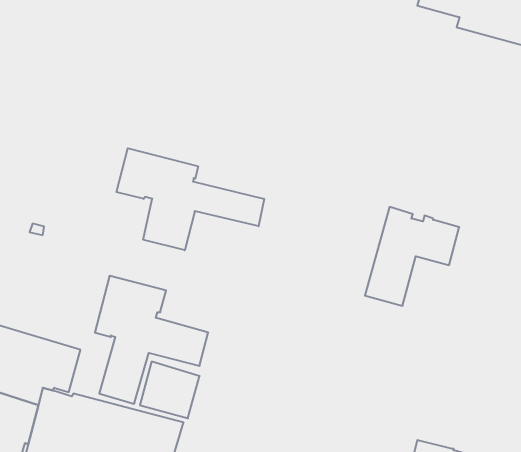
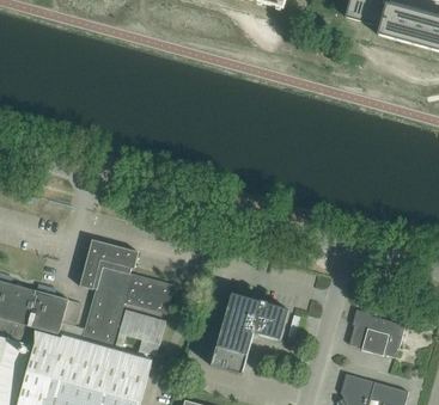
building: [117,148,264,250] -> none
building: [365,207,459,306] -> [212,293,289,374]
building: none -> [349,314,406,357]

